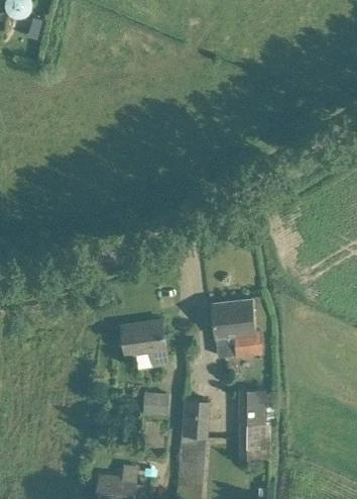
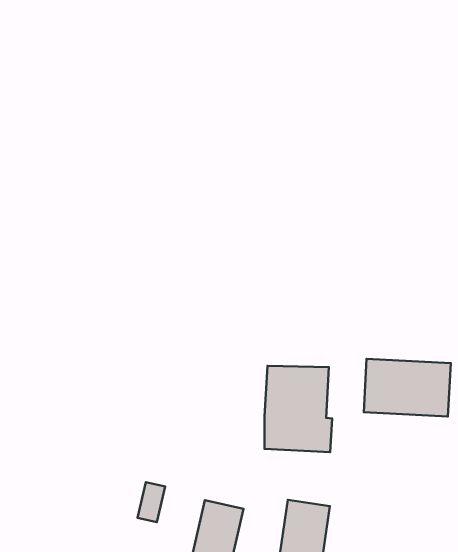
building: none -> [364,359,451,417]
building: [121,320,168,368] -> none

